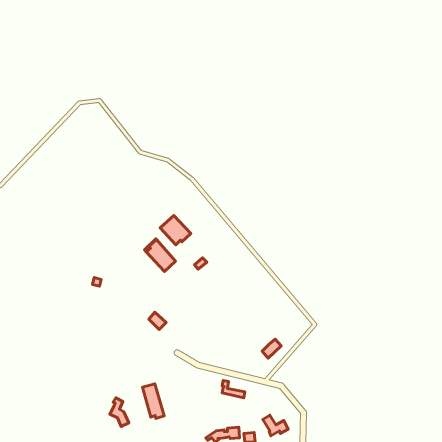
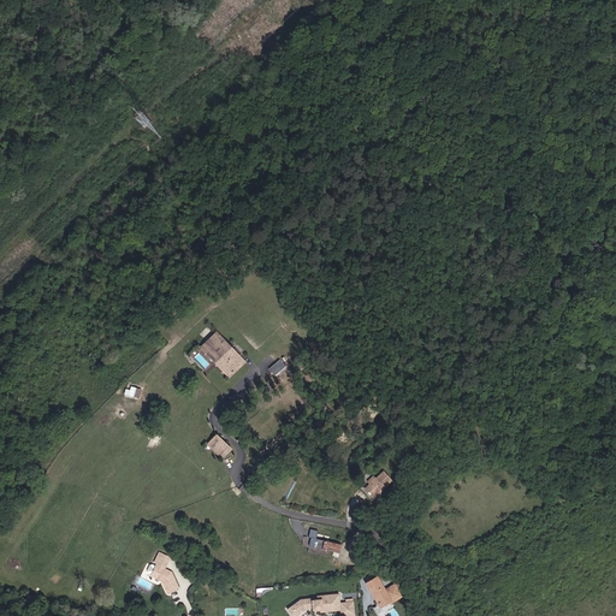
building: [160,216,191,245] -> none
building: [143,384,164,418] -> none

